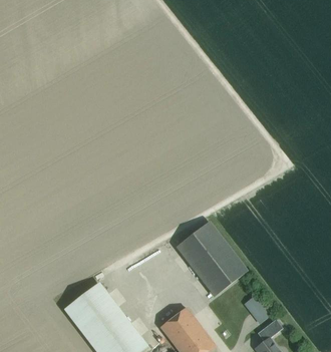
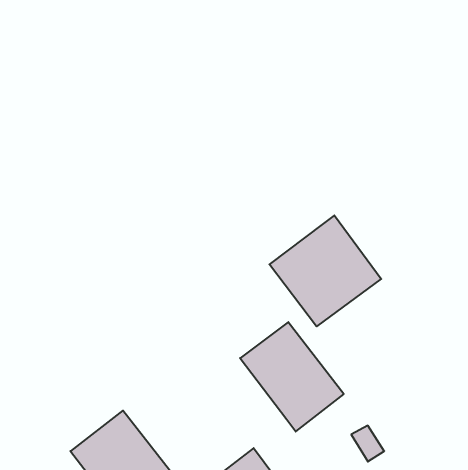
building: none -> [269,215,381,326]

